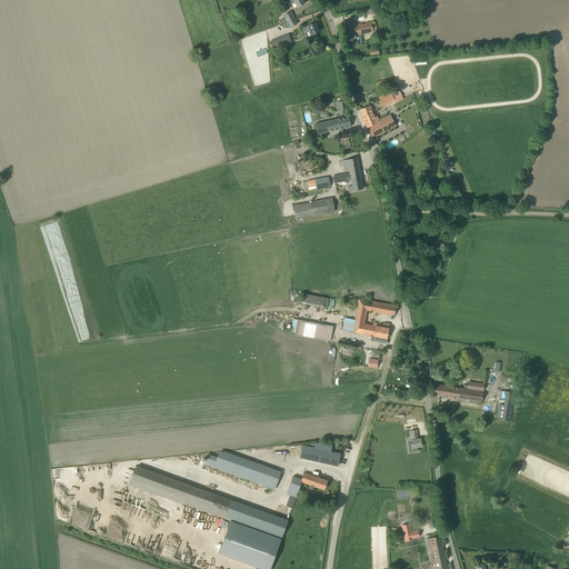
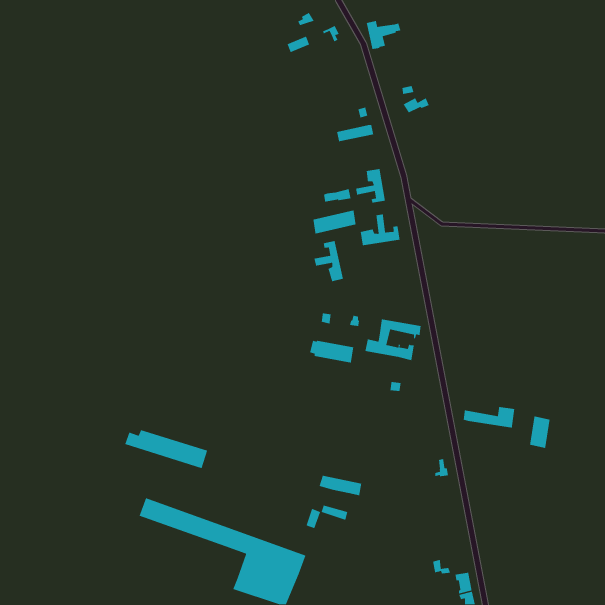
building: [360,106,396,138] -> none
building: none -> [360,214,400,246]
building: none -> [314,240,344,282]
building: [201,450,280,488] -> [124,429,208,469]

